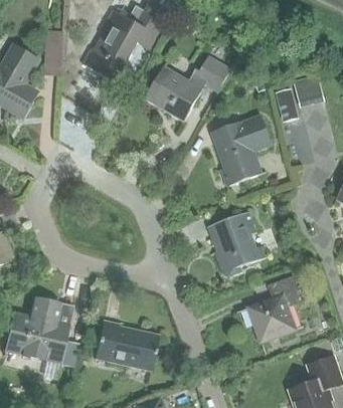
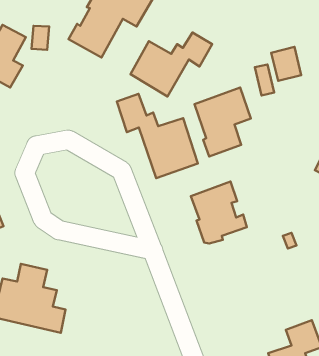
building: none -> [117,94,198,178]
building: [249,275,303,342] -> none
building: [95,320,158,370] -> none

